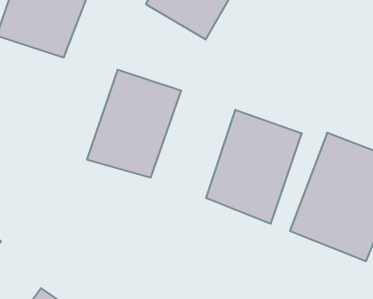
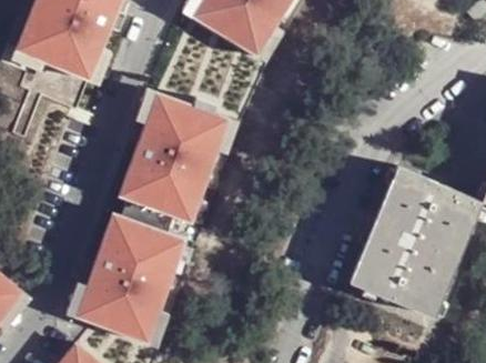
building: [206,110,302,224] -> none
building: none -> [77,211,185,341]

